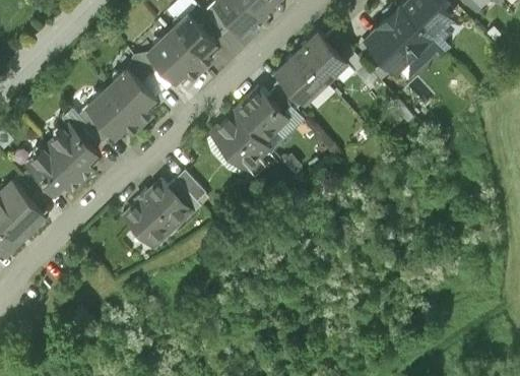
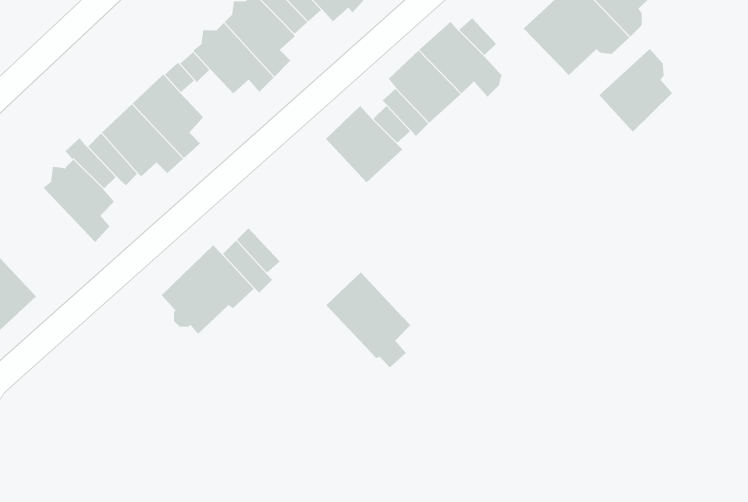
building: none -> [598,48,673,132]
building: [211,113,268,177] -> [325,271,411,368]
building: [27,145,82,194] -> none

